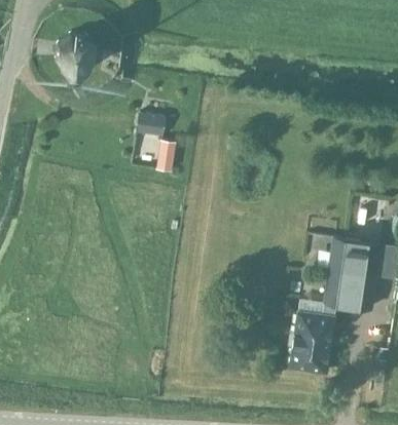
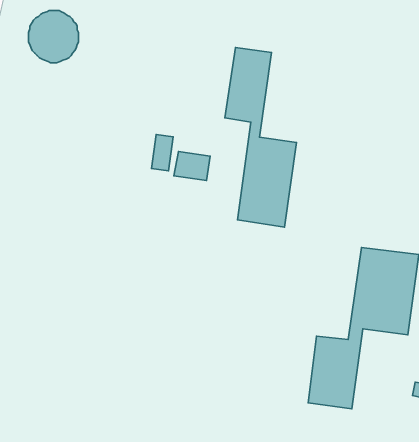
building: none -> [225,48,296,227]
building: [135,111,166,136] -> [174,151,210,181]

